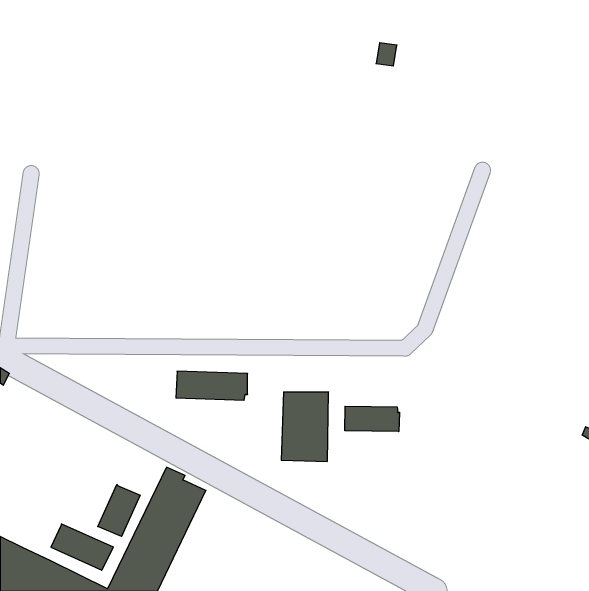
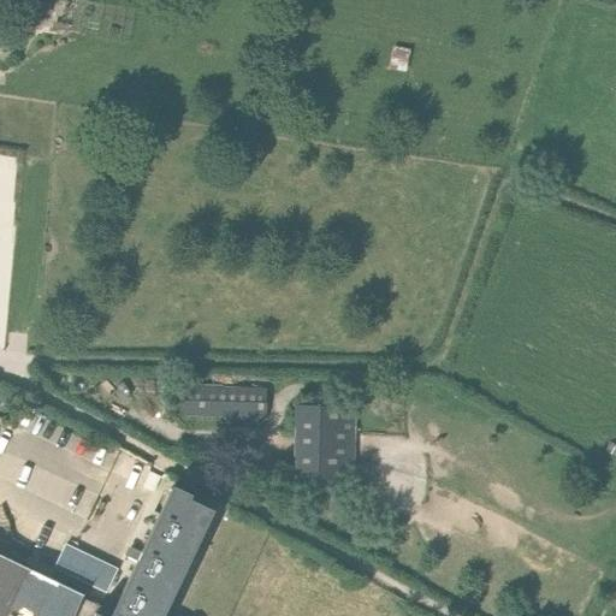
building: [345,406,400,432] -> none
building: [98,485,140,536] -> none

